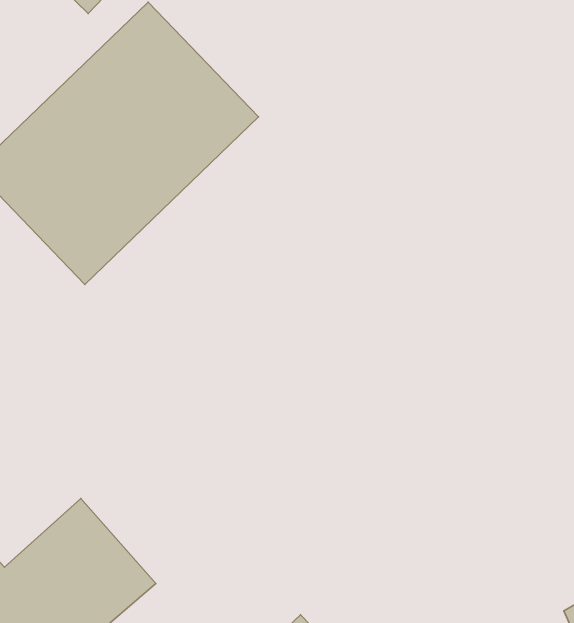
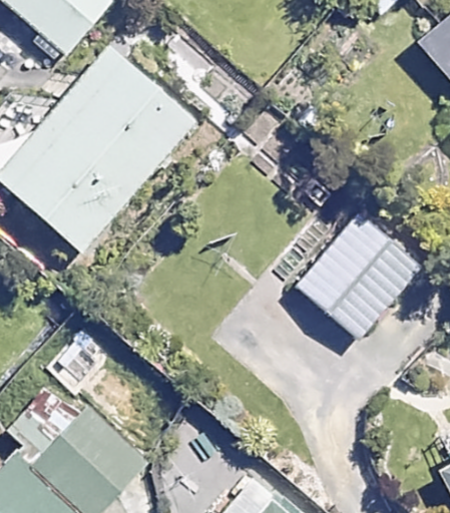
building: none -> [289,195,430,338]

